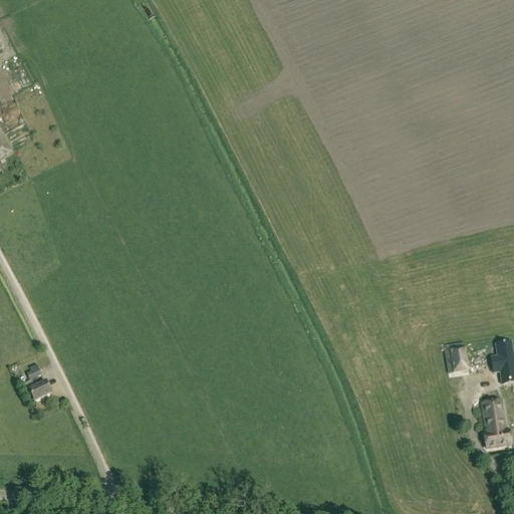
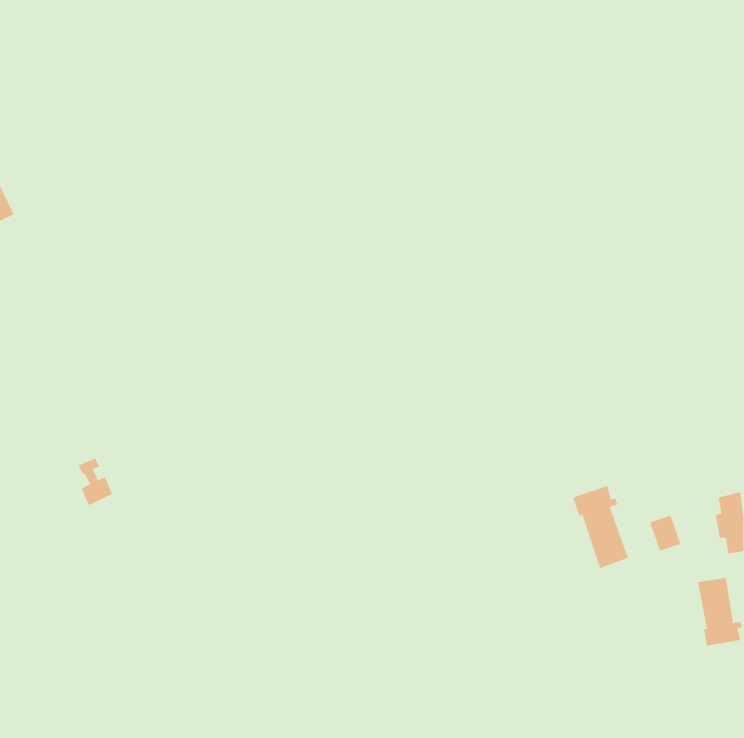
building: none -> [573,485,628,569]
building: [26,365,50,399] -> [78,458,113,506]

